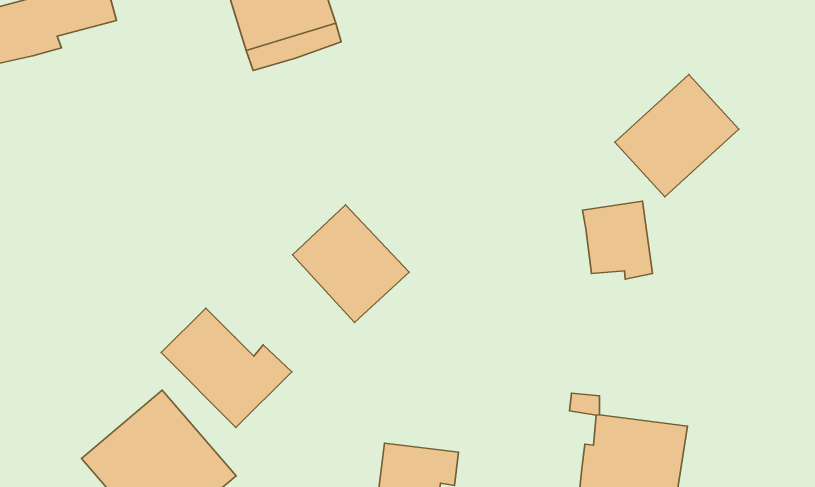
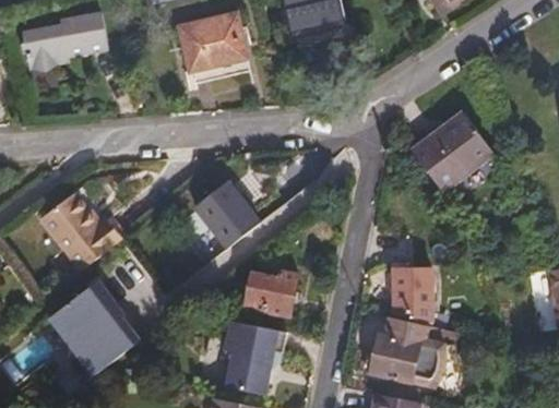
building: [582,201,652,279] -> [389,274,429,322]
building: [161,308,292,427] -> [38,192,119,268]
building: none -> [243,268,297,312]

